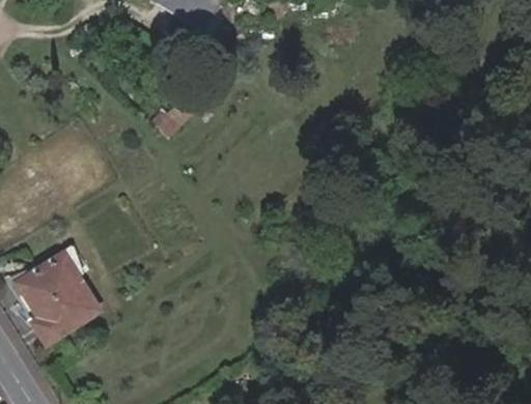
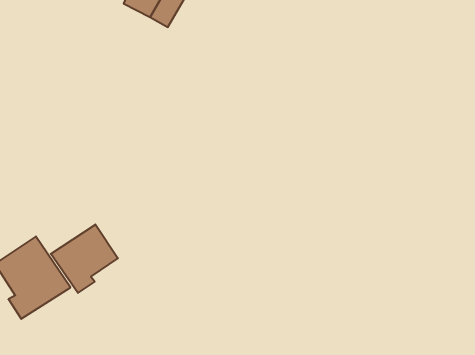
building: none -> [51,224,118,293]

